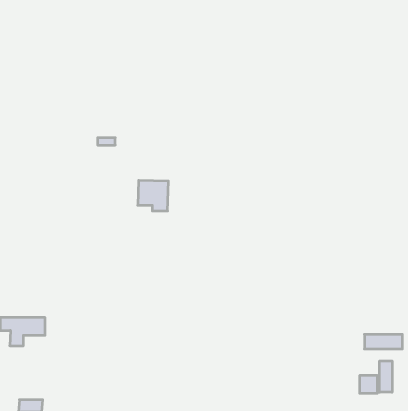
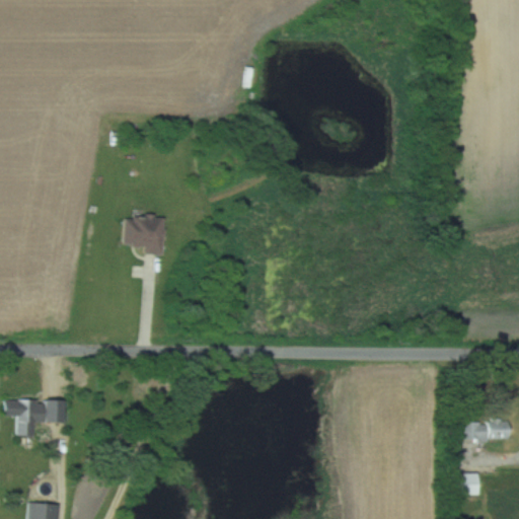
building: [138,180,168,211] -> [126,216,164,254]
building: [380,361,392,392] -> none

